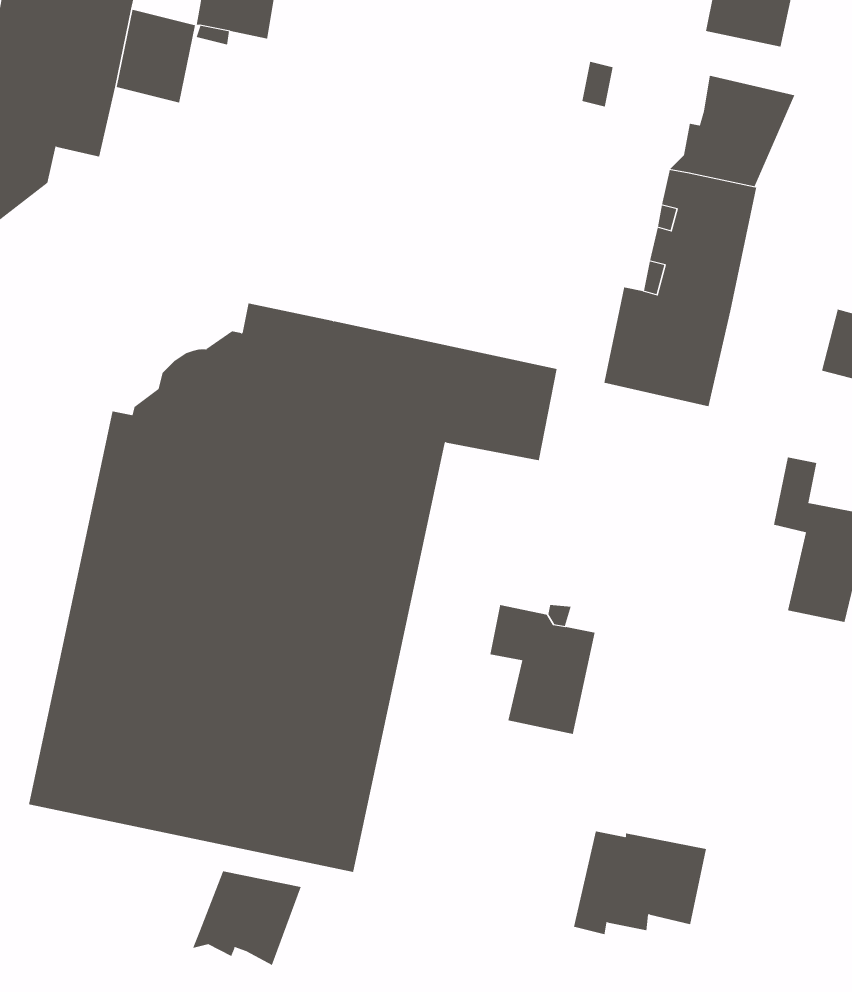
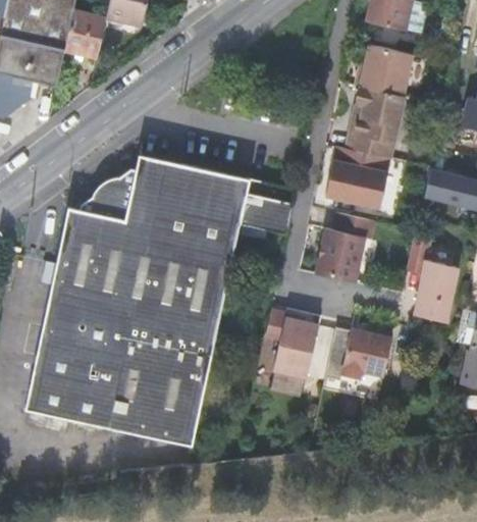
building: none -> [310,214,370,283]
building: [573,831,707,935] -> [322,329,390,382]
building: [192,871,301,966] -> none

